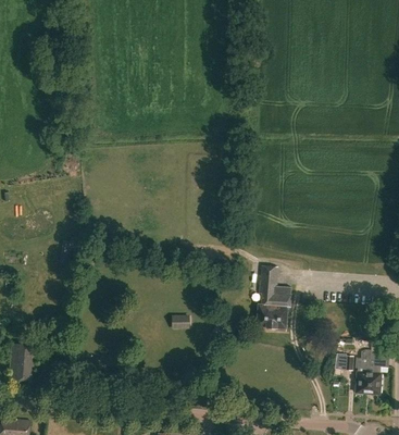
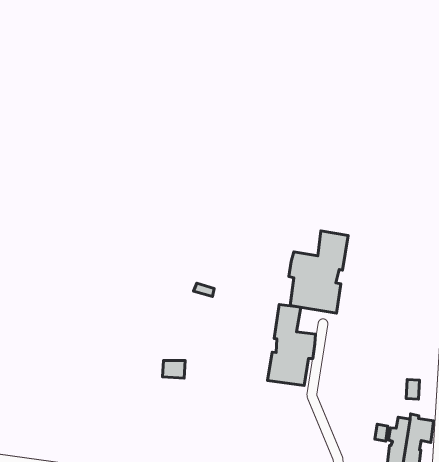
building: none -> [289,231,348,313]

